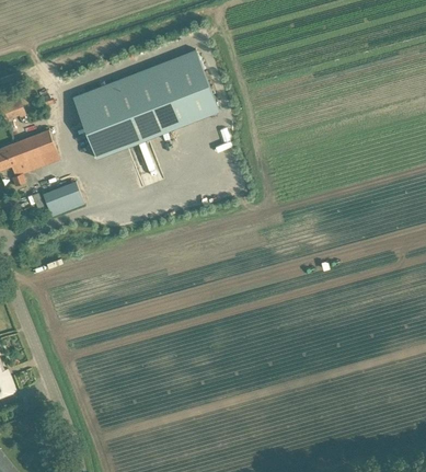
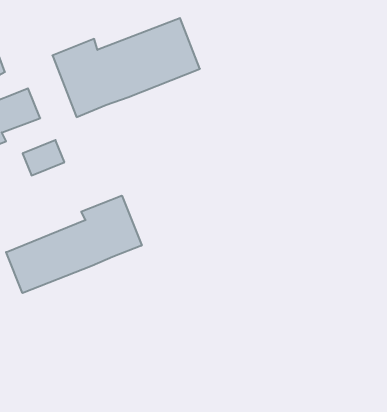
building: none -> [6,196,142,293]

